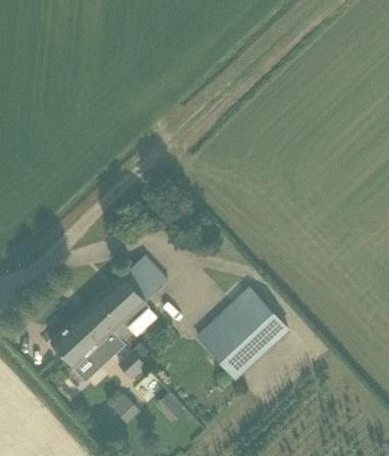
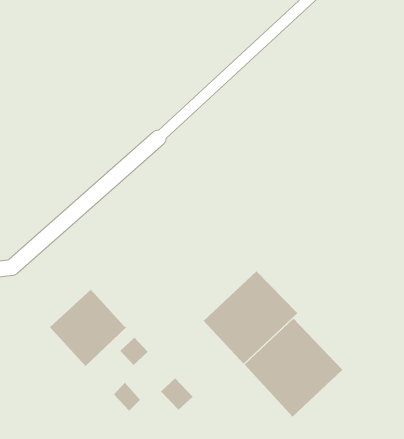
building: [90,256,167,342] -> none
building: none -> [244,318,343,418]

